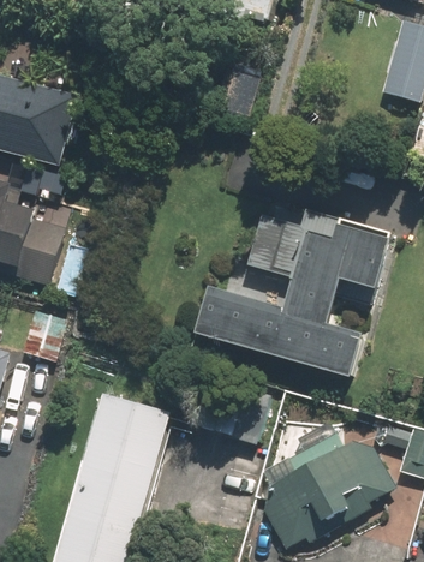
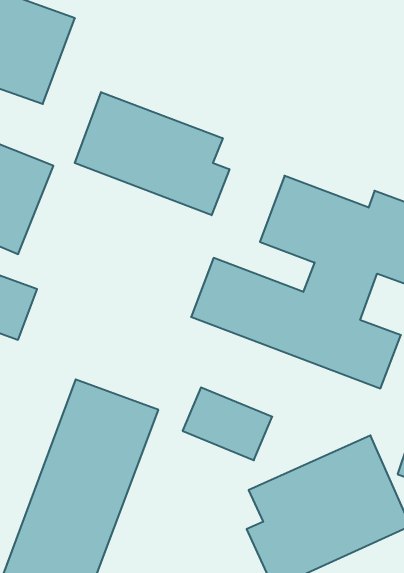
building: none -> [75,92,229,215]

